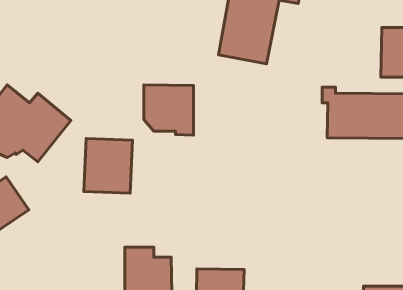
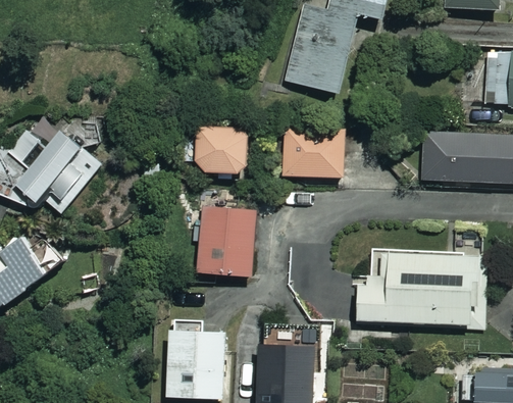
building: none -> [283,129,344,177]
building: [84,138,133,193] -> [198,209,258,276]
building: none -> [357,247,485,332]

